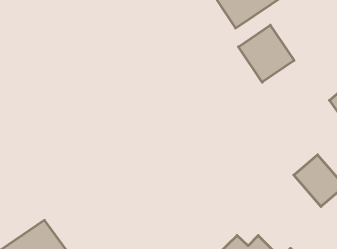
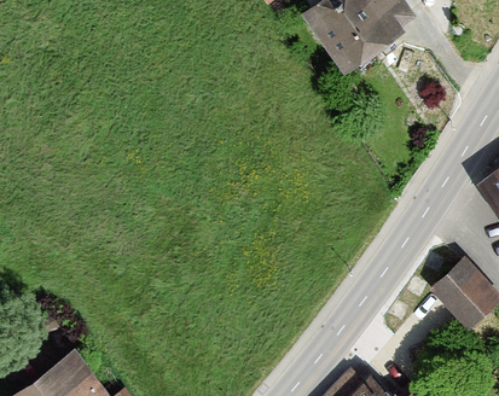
building: [238,25,294,82] -> none

